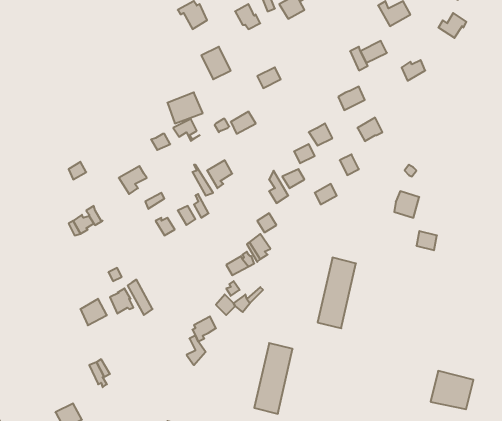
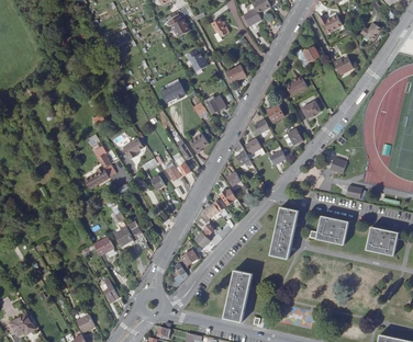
building: none -> [317,215,349,243]
building: [431,371,473,409] -> [367,226,399,254]

